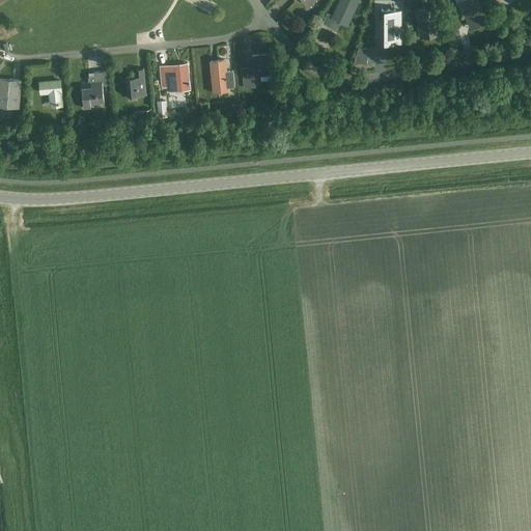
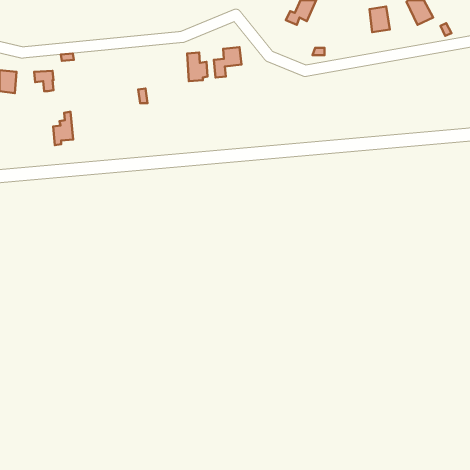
building: [378,10,399,41] -> none
building: [161,64,188,92] -> none
building: [124,69,145,96] -> none
building: [80,72,103,109] -> [53,112,73,145]

